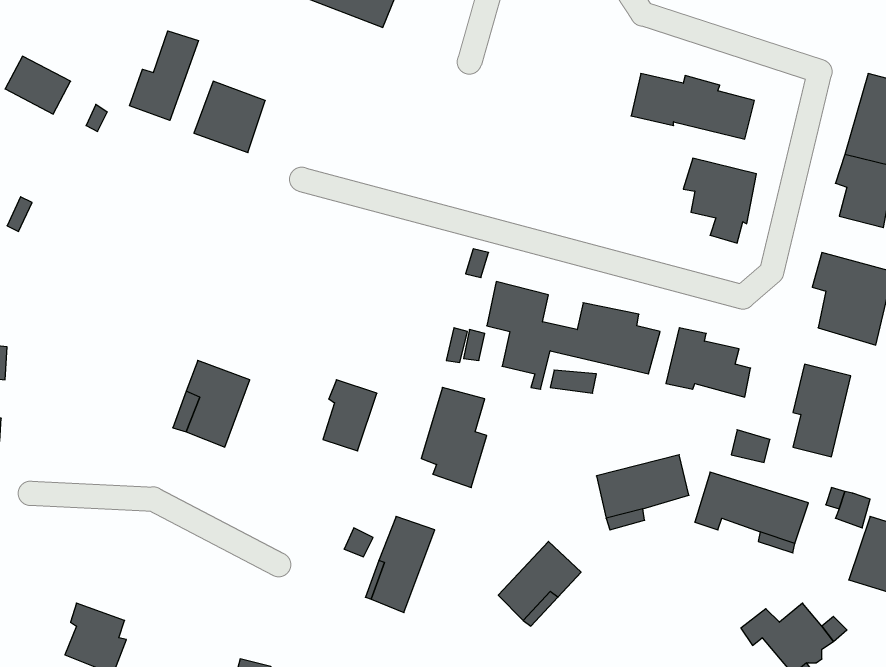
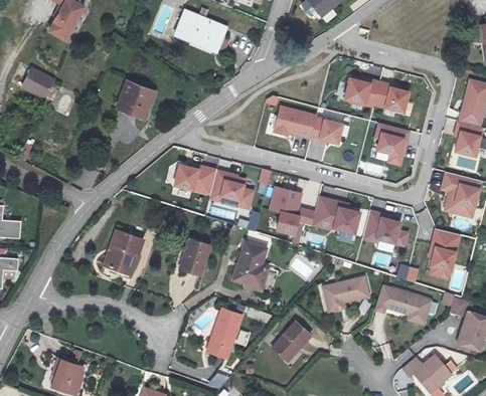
building: [129,31,198,120] -> none
building: none -> [275,106,343,144]
building: none -> [175,164,254,208]

